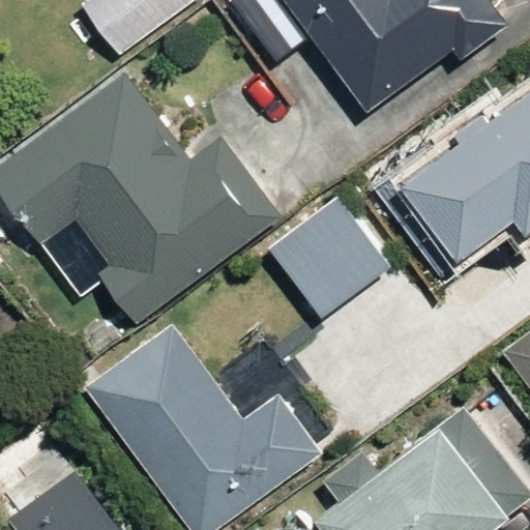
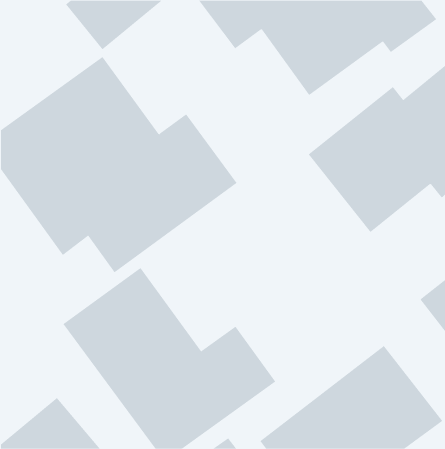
building: [266,188,398,319] -> none

